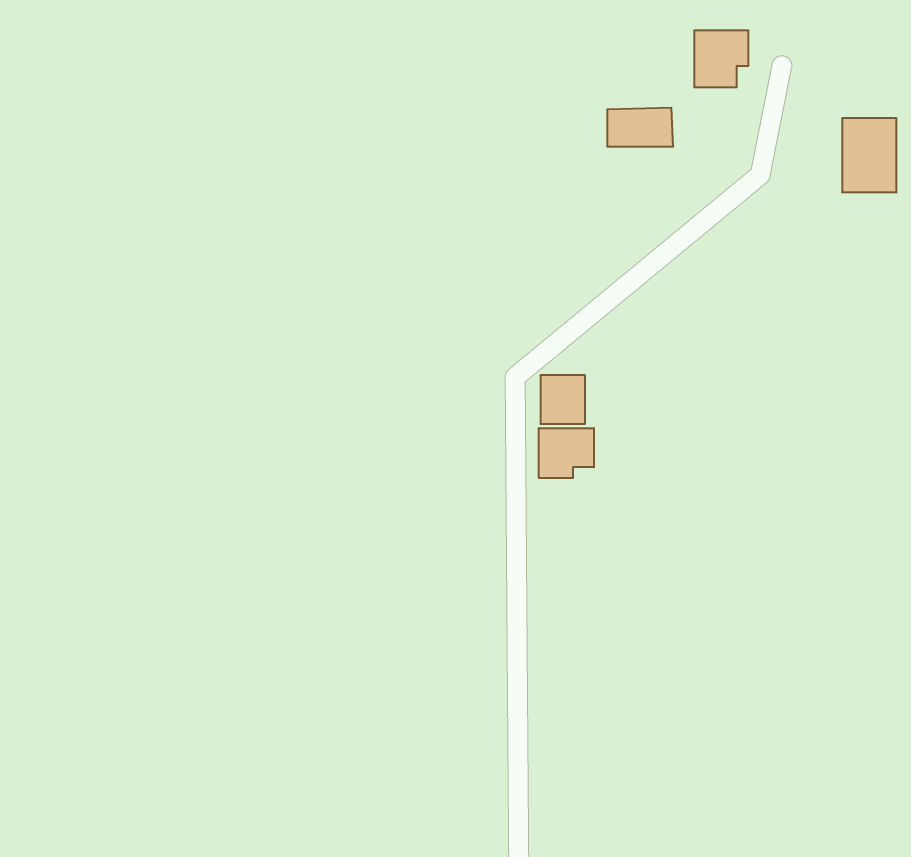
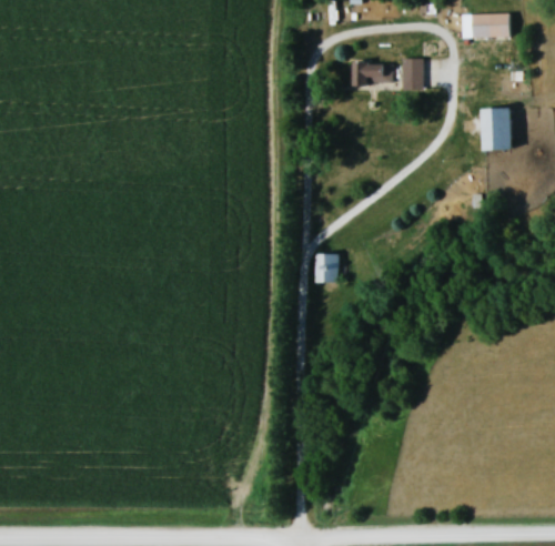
building: [607,108,673,147] -> [350,62,387,84]
building: [539,428,594,478] -> none

